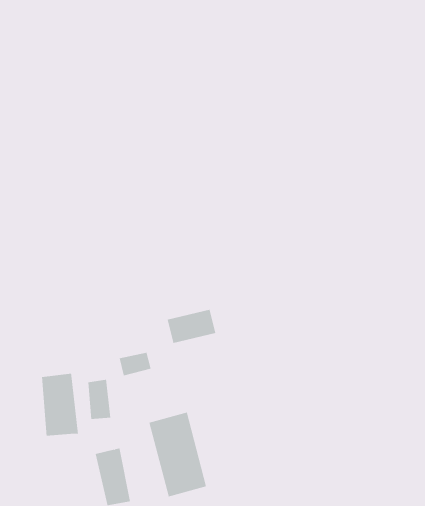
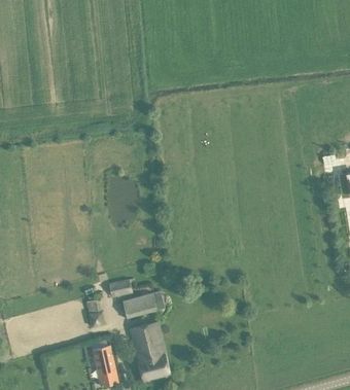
building: [167,309,216,343] -> [122,293,156,317]
building: [42,373,79,437] -> none

